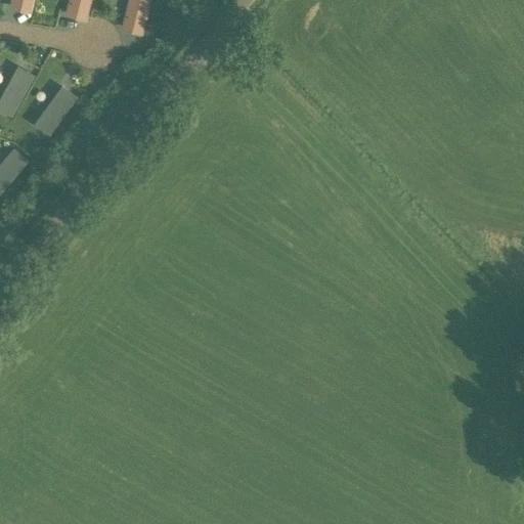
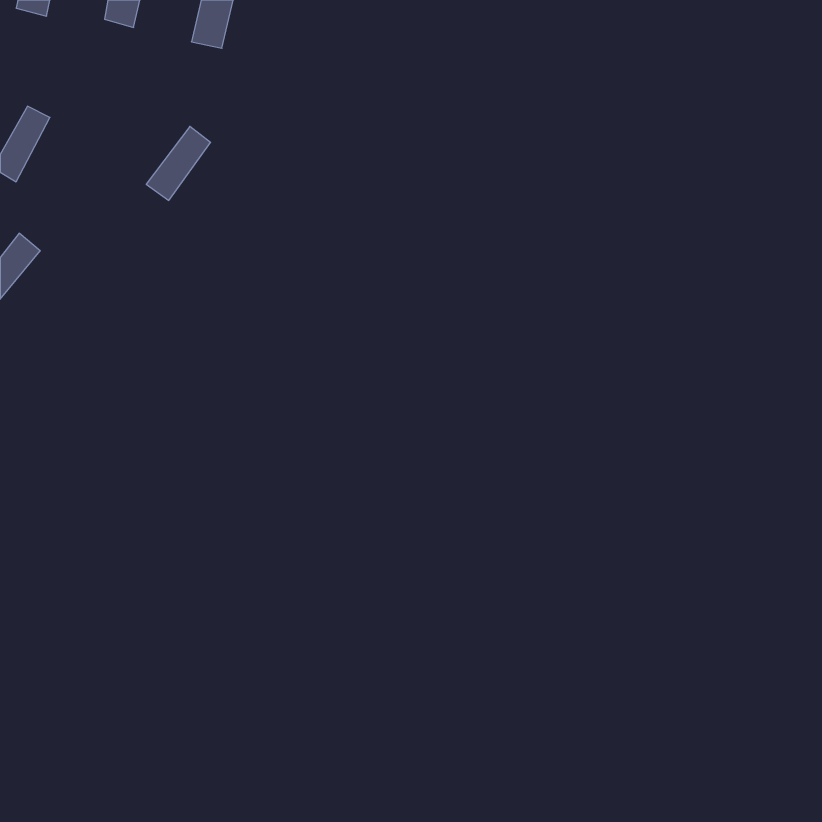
building: [34,87,75,134] -> [146,126,211,200]

